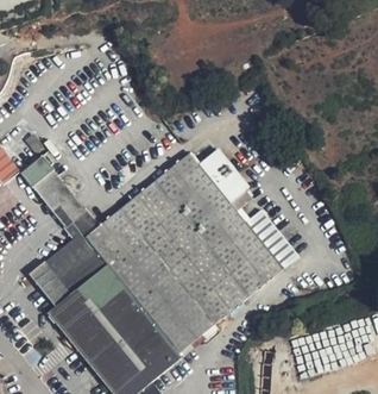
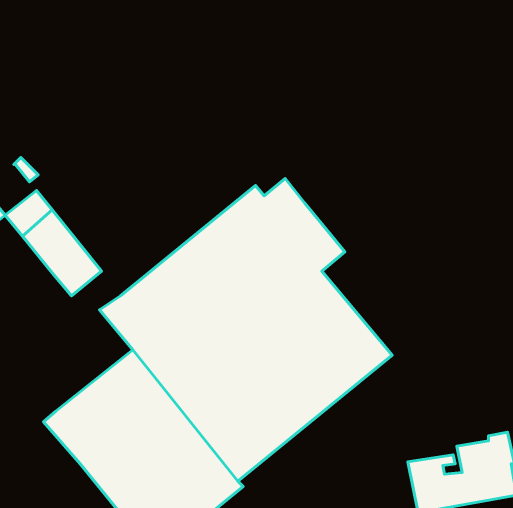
building: [27,207,106,302] -> none

